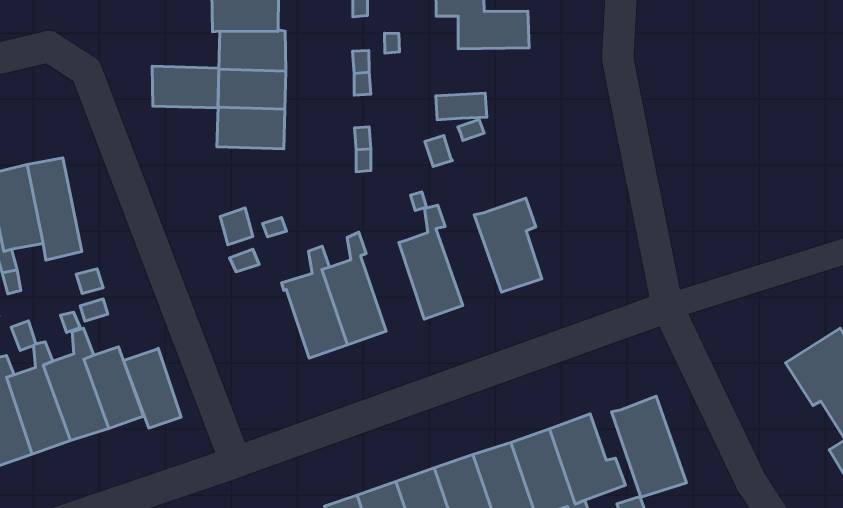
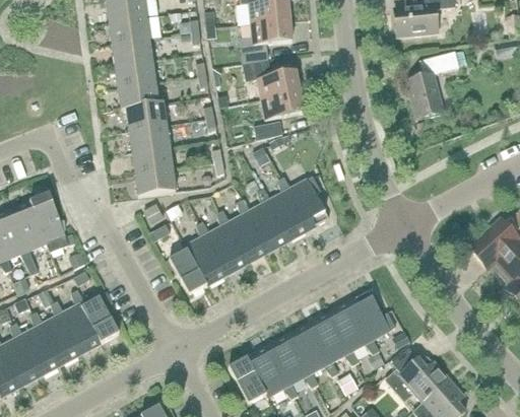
building: none -> [406,51,460,119]
building: none -> [261,90,305,119]
building: [152,66,219,108] -> [135,169,176,197]
building: none -> [265,176,308,240]
building: none -> [225,198,267,262]
building: [124,348,181,428] -> [169,248,206,293]
building: [612,396,687,497] -> none

